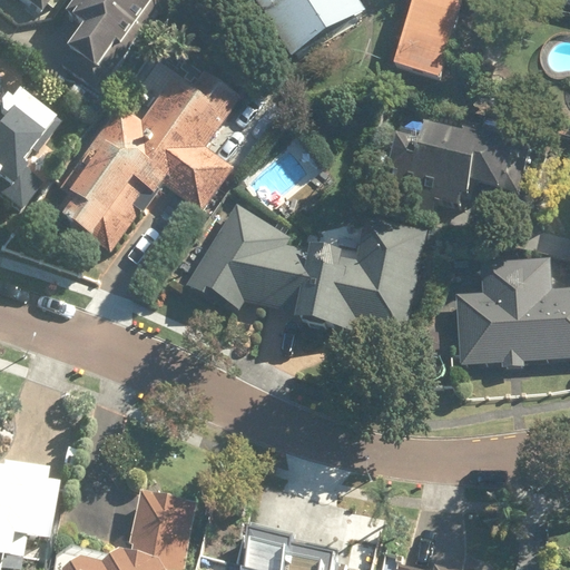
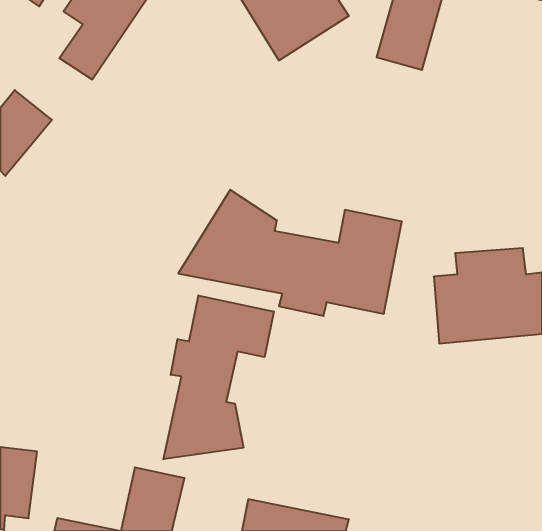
building: [52,50,240,254] -> none
building: [380,126,508,209] -> none
building: none -> [164,295,274,459]

